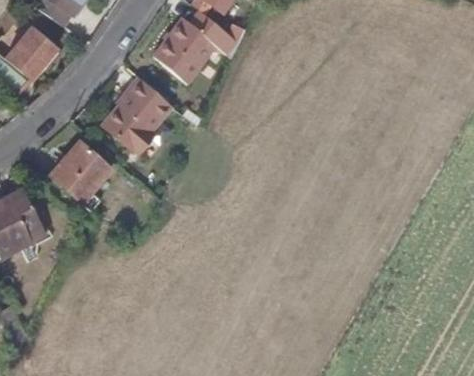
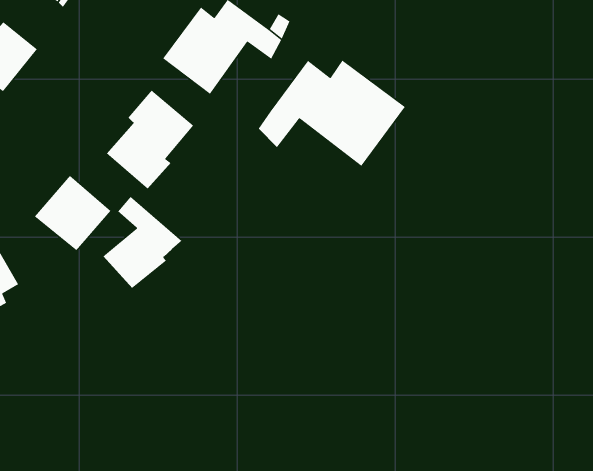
building: none -> [258,60,406,167]
building: none -> [103,196,182,289]

